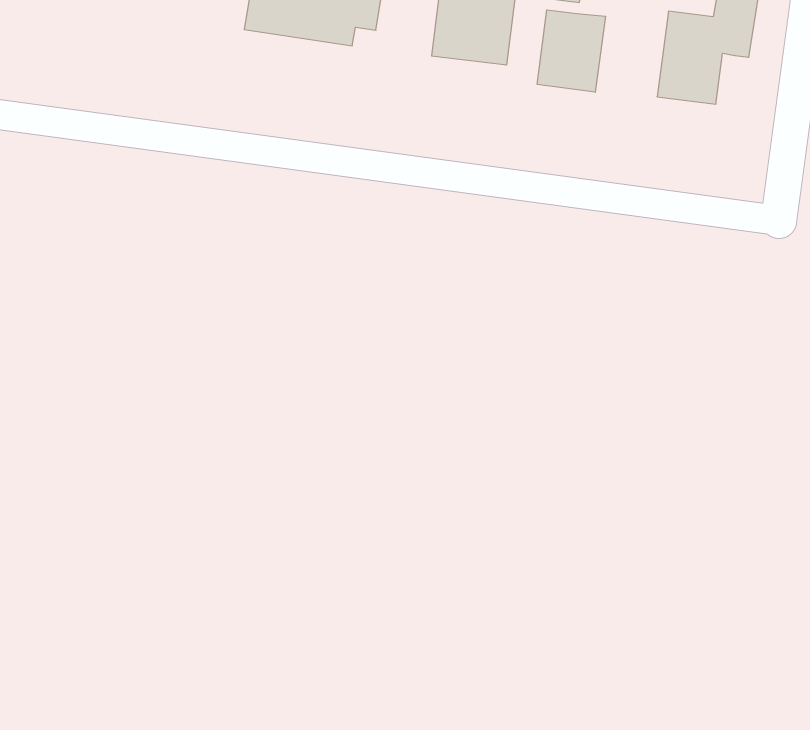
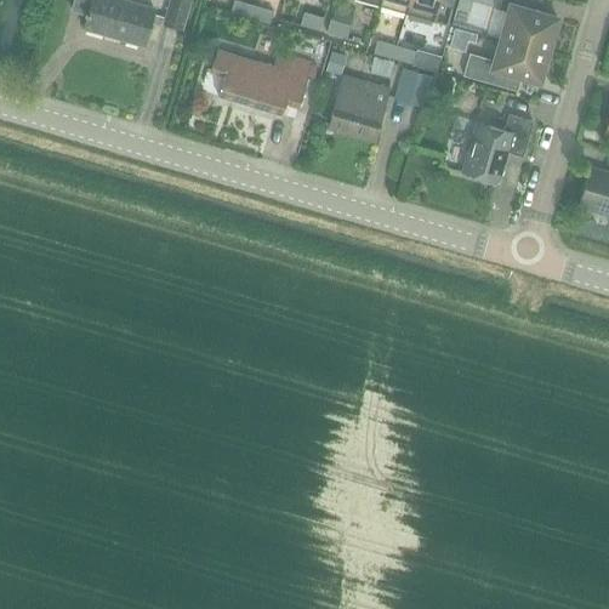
building: [537,10,605,92] -> none

